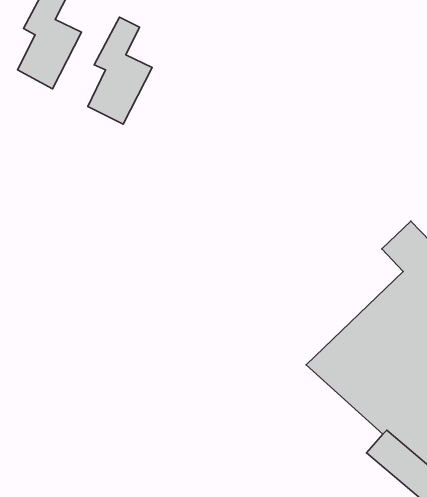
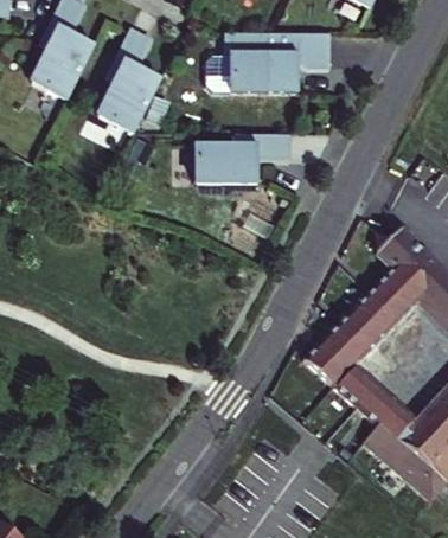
building: none -> [225,33,331,92]
building: none -> [201,134,290,184]

